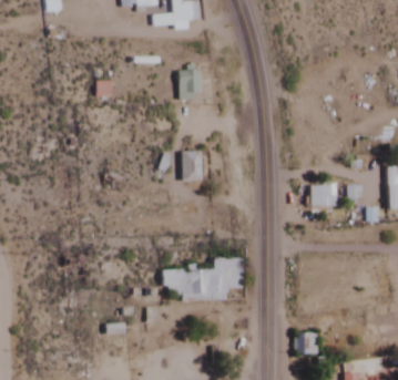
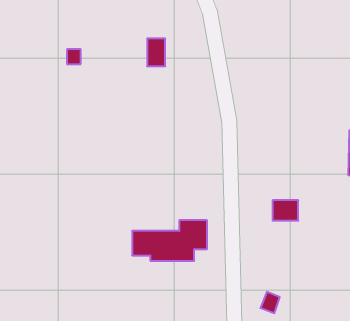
building: [182,151,201,182] -> none
building: [310,185,337,206] -> [273,200,298,221]

